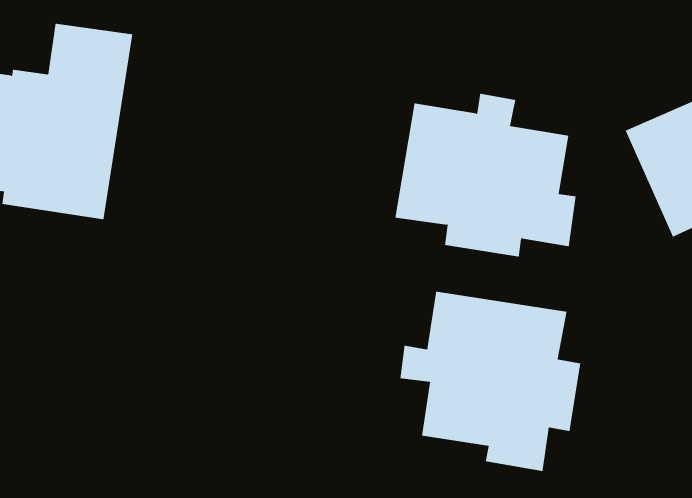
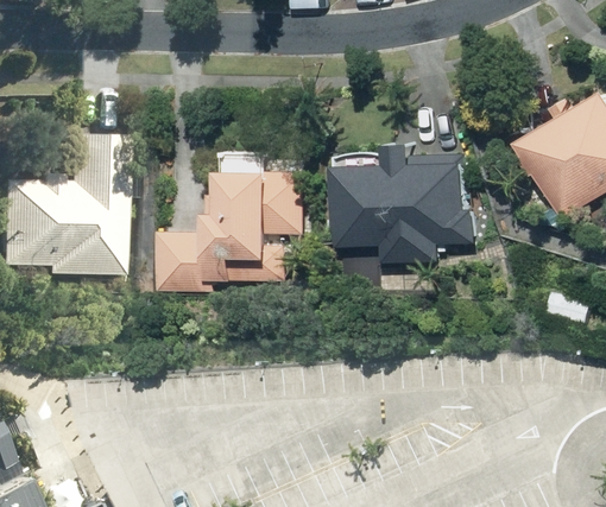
building: none -> [156,147,307,292]
building: [400,291,581,472] -> none

